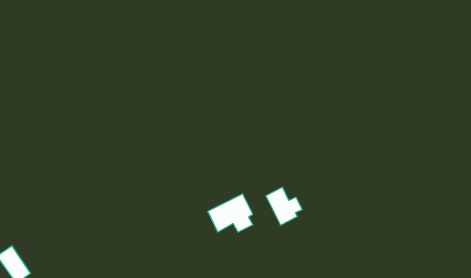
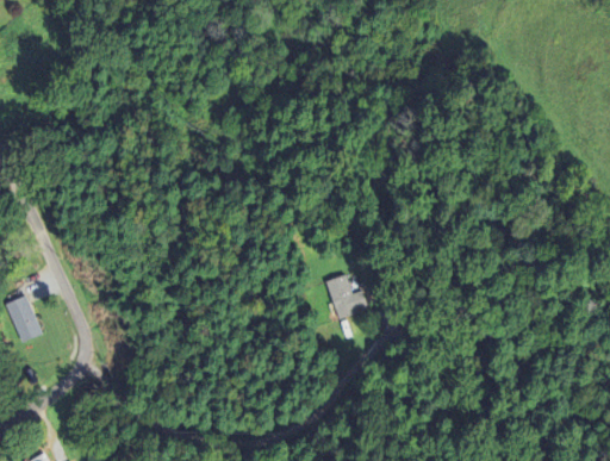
building: [208,194,253,232] -> none

